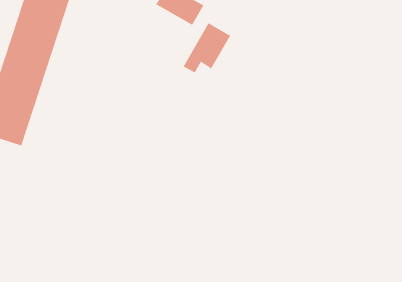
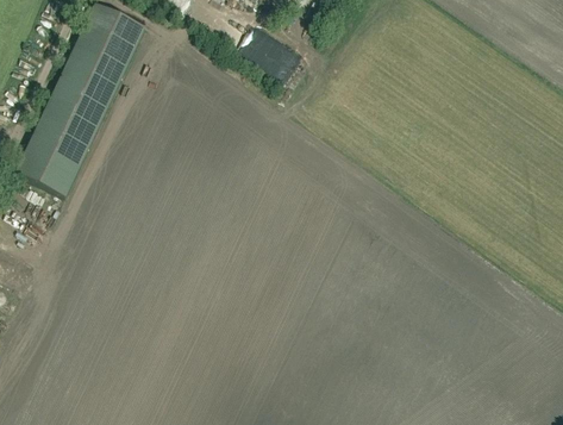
building: [182,22,231,74] -> none

